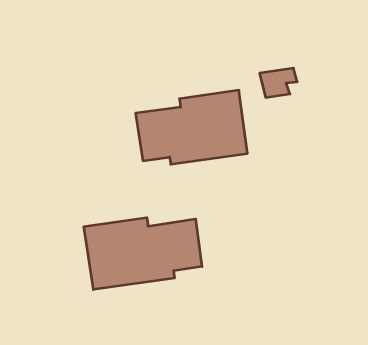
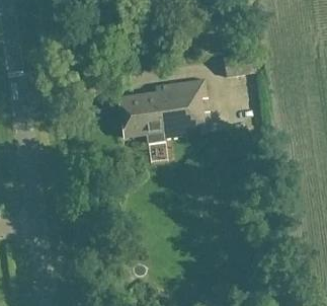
building: [84,218,202,290] -> none

